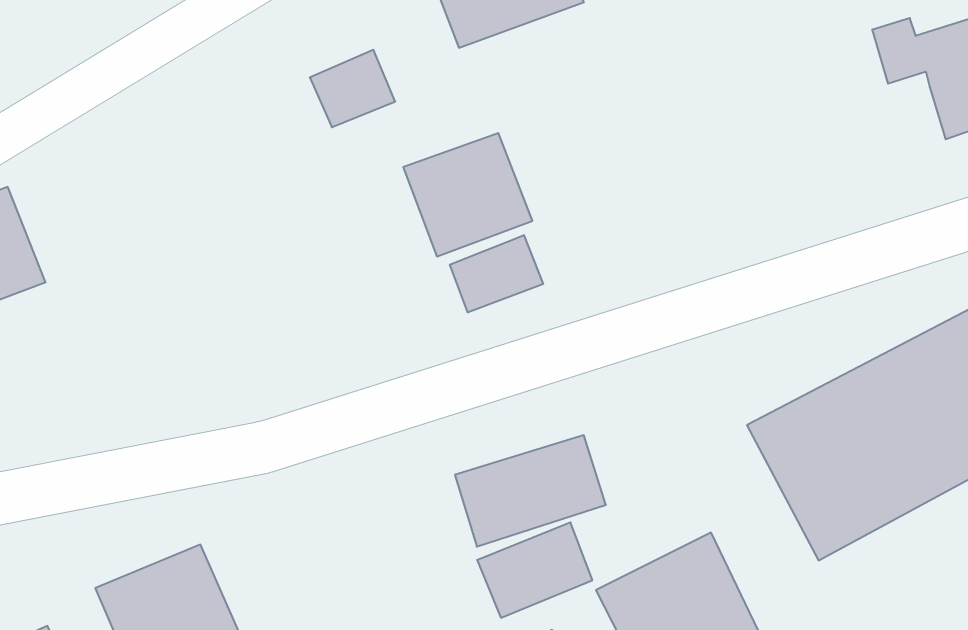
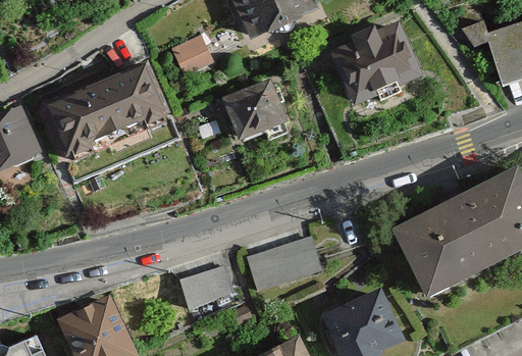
building: none -> [325,17,418,102]
building: none -> [39,60,169,162]
building: [450,235,543,312] -> none
building: [477,522,592,618] -> [177,263,237,312]

